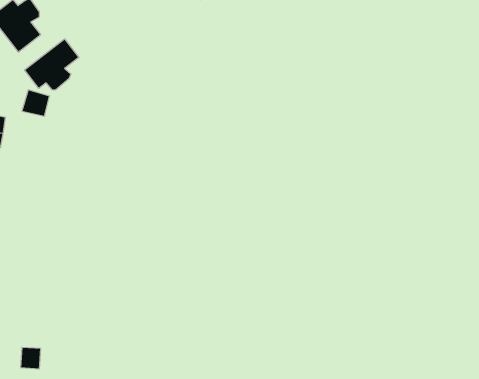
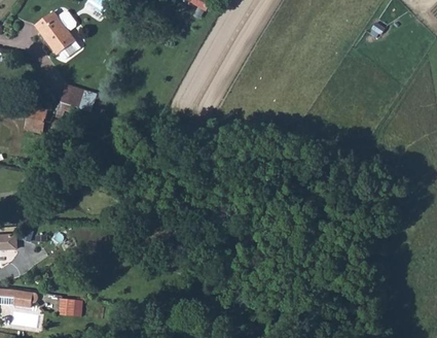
building: [25,39,79,90] -> none

